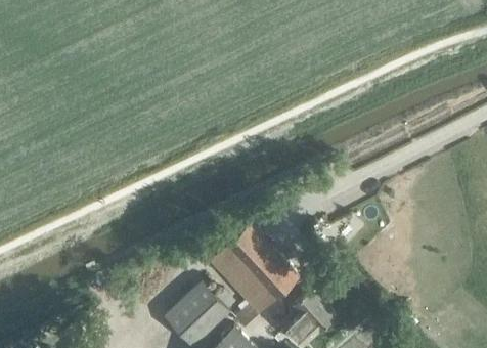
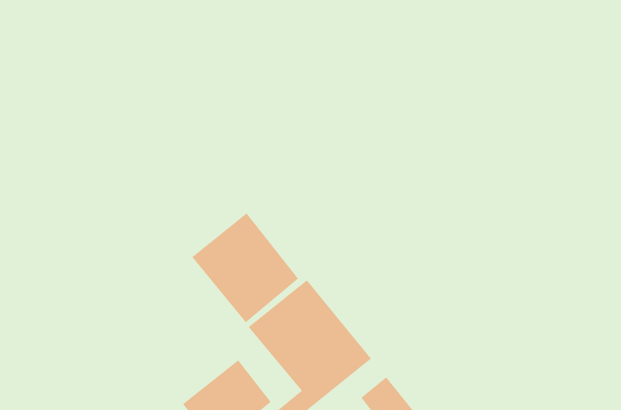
building: none -> [192,213,299,323]

